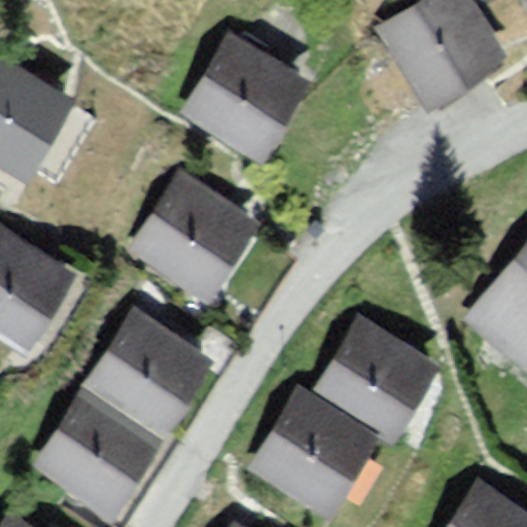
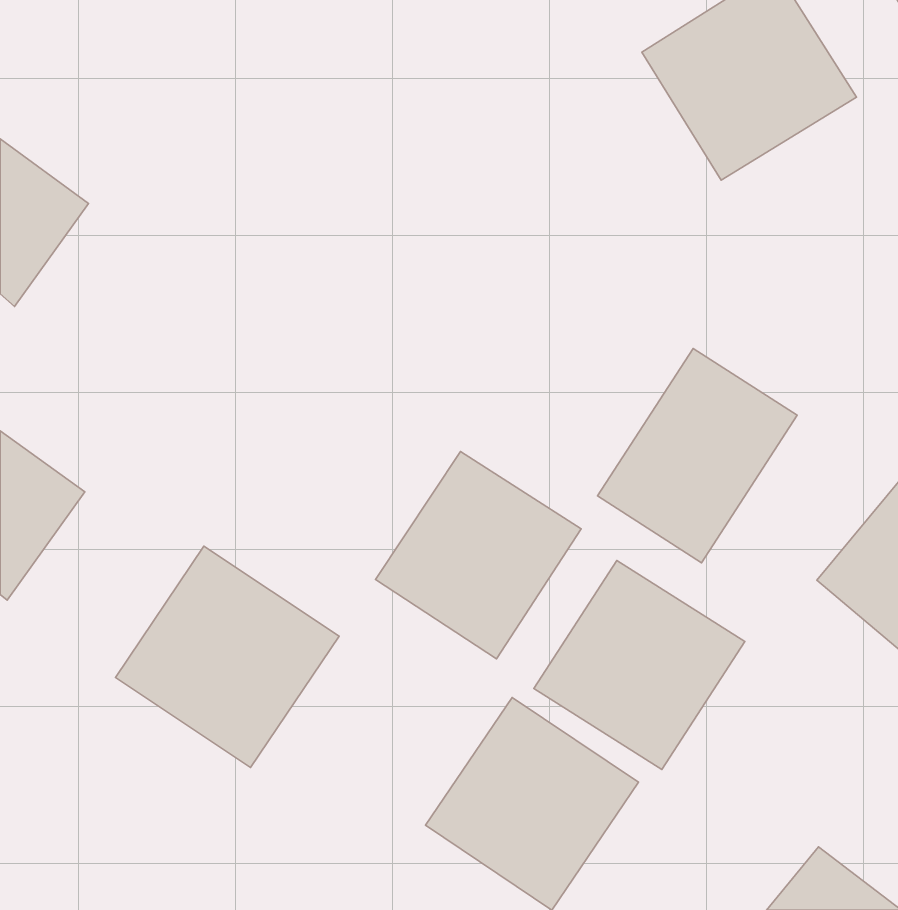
building: [184,36,302,153] -> none
building: [135,178,252,296] -> [376,451,581,659]
building: none -> [597,348,797,563]
building: [32,399,150,515] -> none

